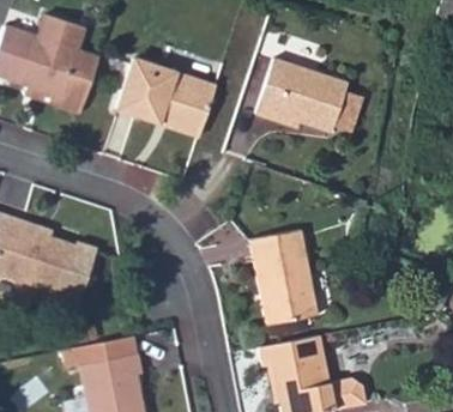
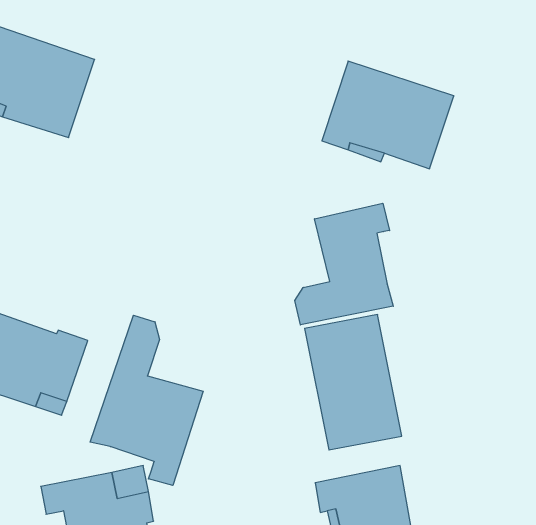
building: [120,59,219,138] -> none
building: none -> [295,203,393,325]
building: none -> [90,315,203,485]

